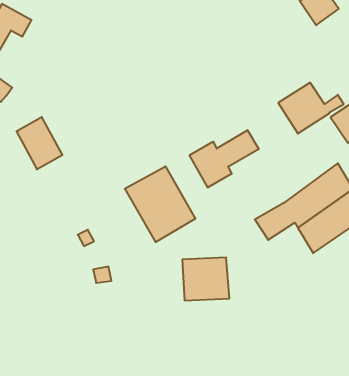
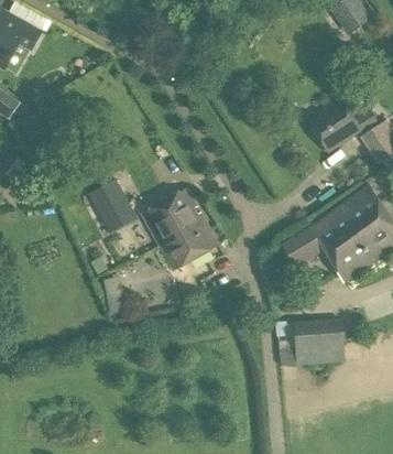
building: [16,117,62,169] -> [87,177,137,234]
building: [190,130,259,188] -> none
building: [182,258,229,300] -> [294,317,345,364]

